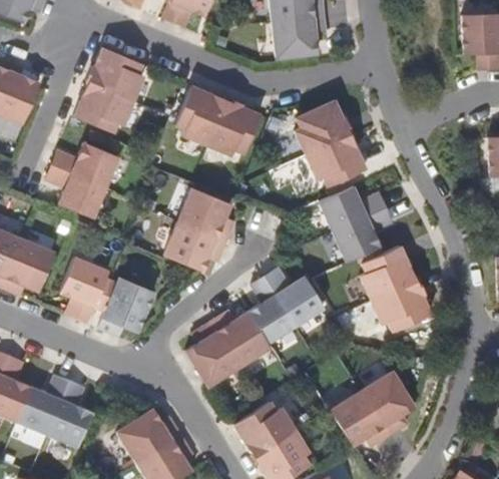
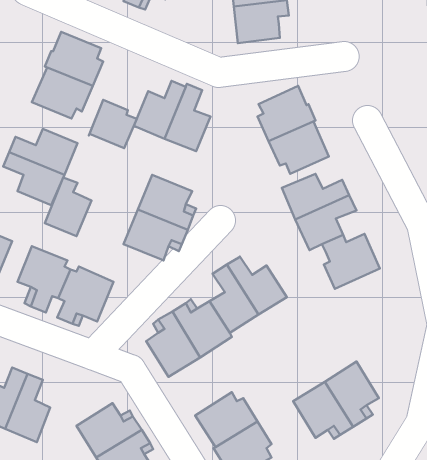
building: none -> [89,100,137,148]
building: none -> [45,177,92,236]
building: [372,279,432,332] -> none

